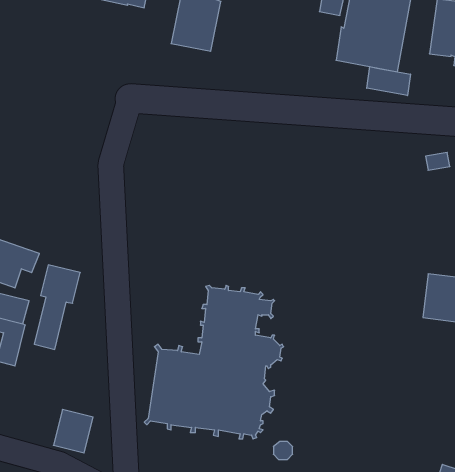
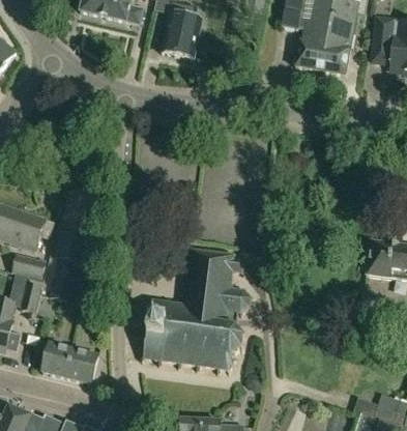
building: [367,67,410,96] -> none
building: none -> [41,343,74,378]

